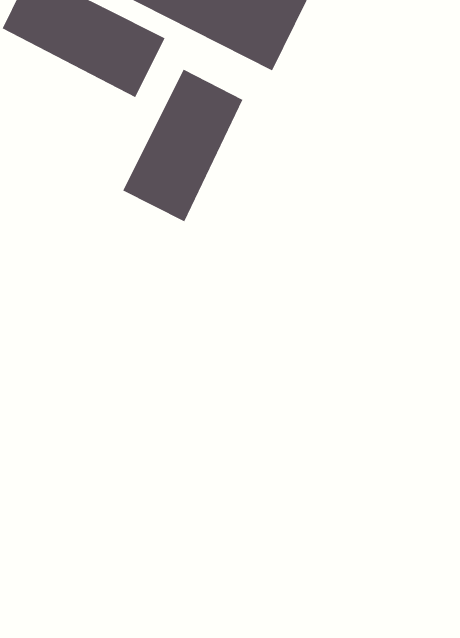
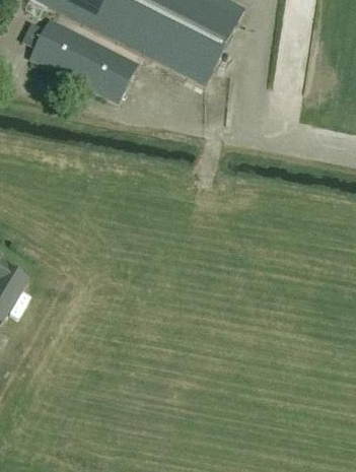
building: [122,69,243,222] -> none

